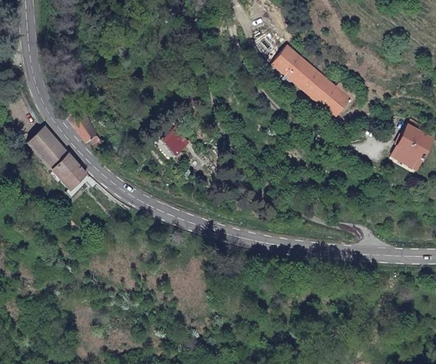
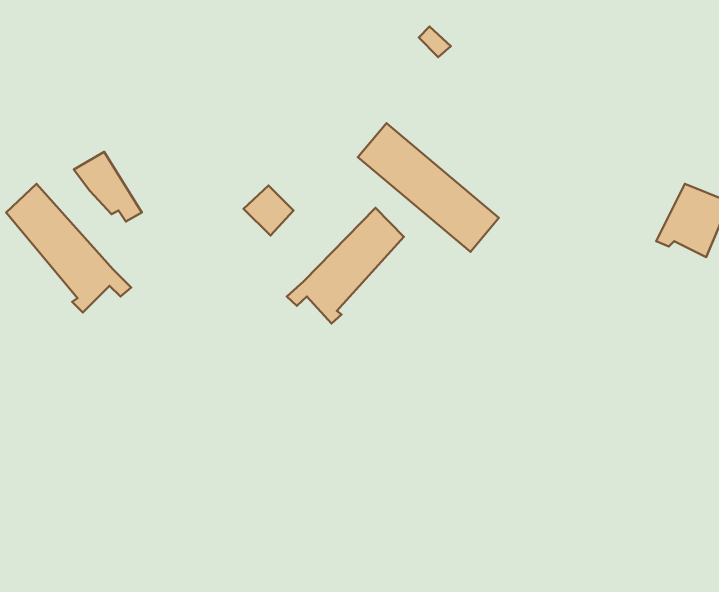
building: [271,45,350,117] -> [358,123,499,252]
building: none -> [287,208,404,324]

